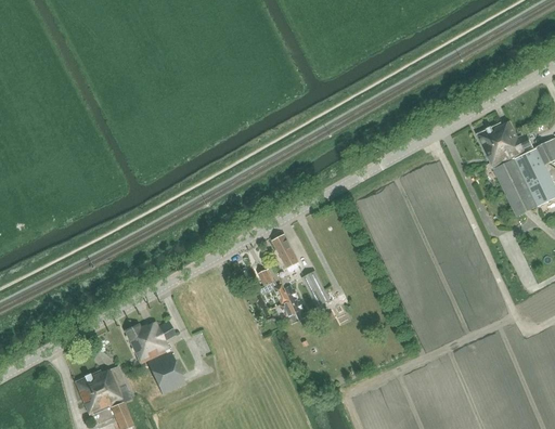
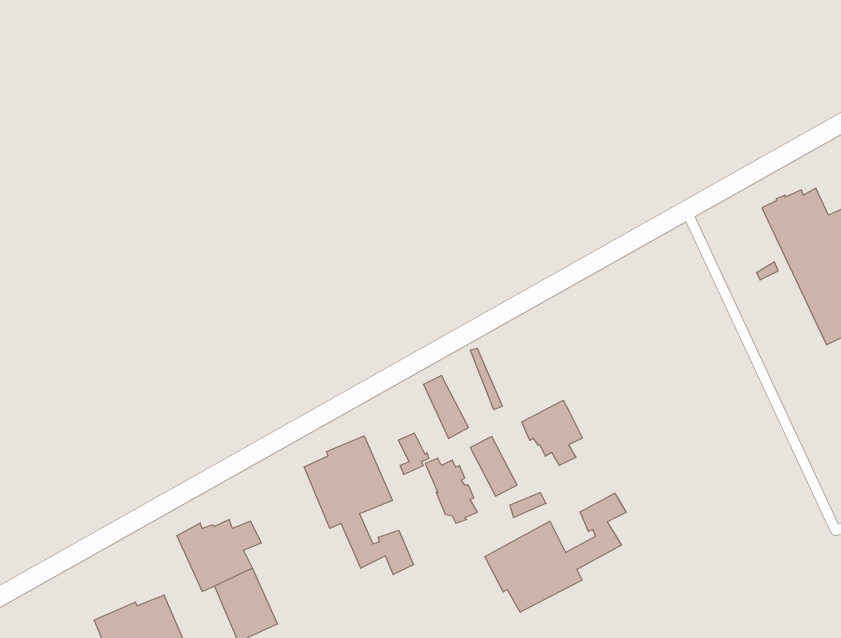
building: none -> [522,400,582,465]
building: none -> [304,436,414,575]
building: none -> [485,493,626,612]

